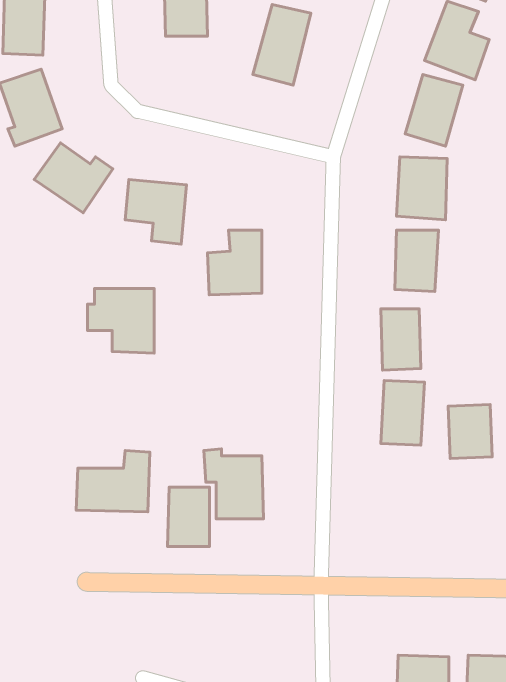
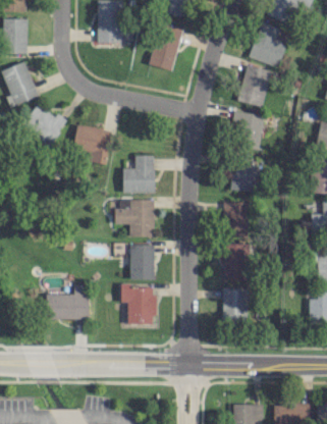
building: [88,288,154,353] -> [115,200,154,237]
building: [448,404,492,459] -> [222,289,248,321]
building: [167,487,209,547] -> [129,246,154,280]

